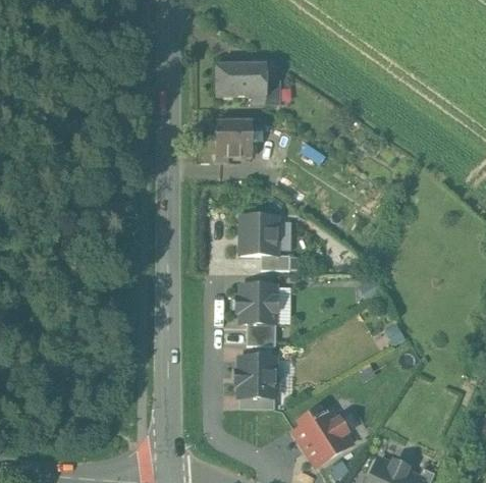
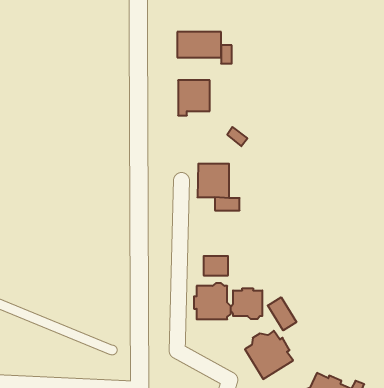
building: [236,282,275,323] -> none
building: none -> [231,288,262,319]
building: none -> [268,297,296,330]

